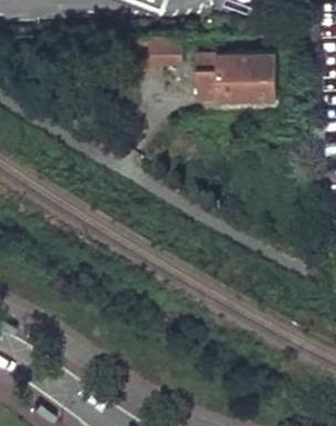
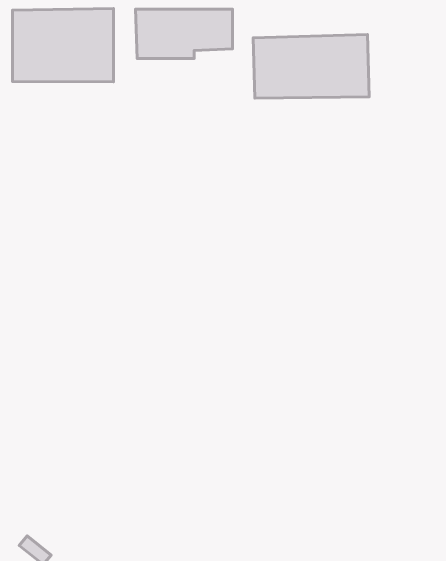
building: none -> [12,8,113,82]

